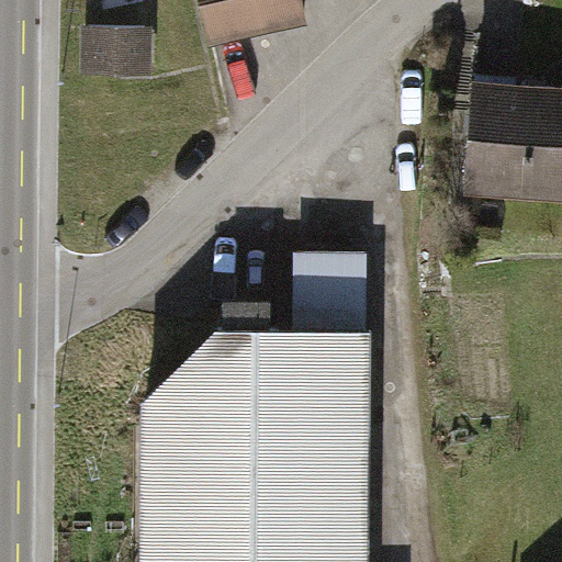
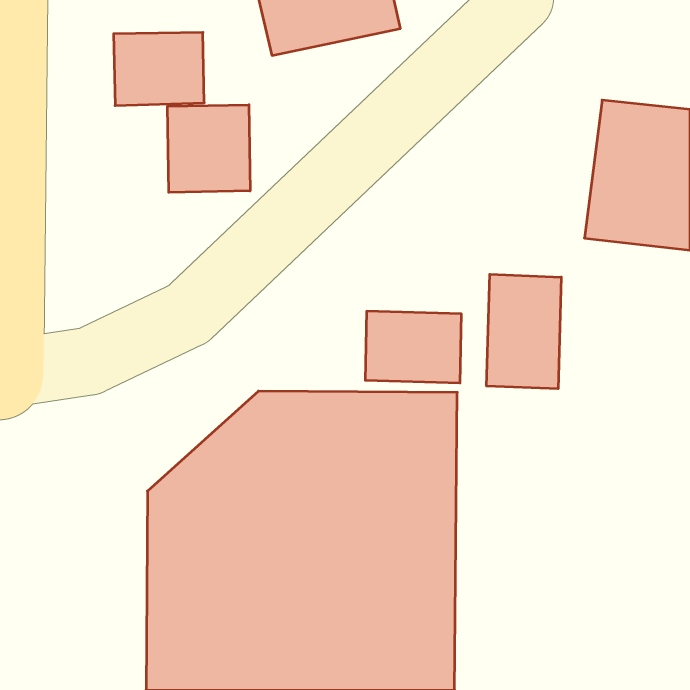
building: none -> [168,105,250,192]
building: none -> [487,274,561,389]

